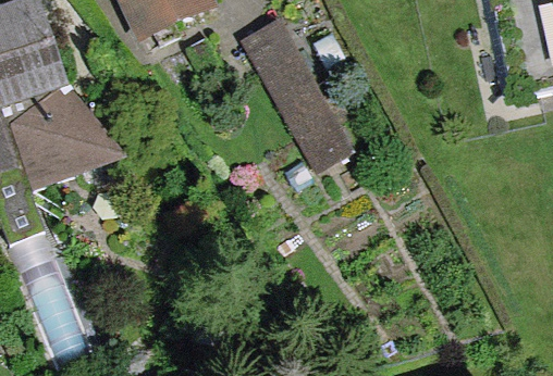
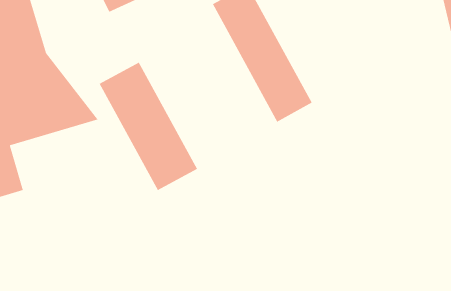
building: none -> [98,62,198,191]

